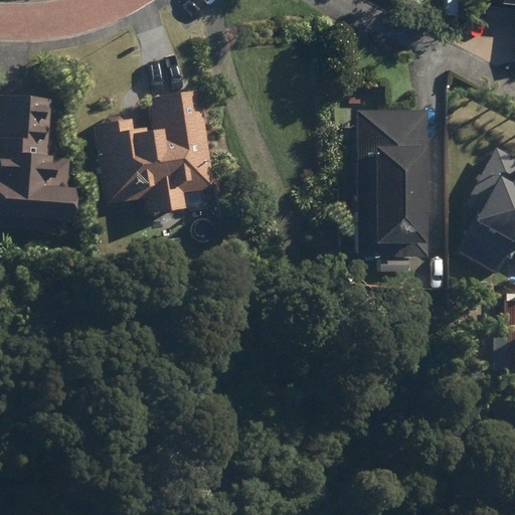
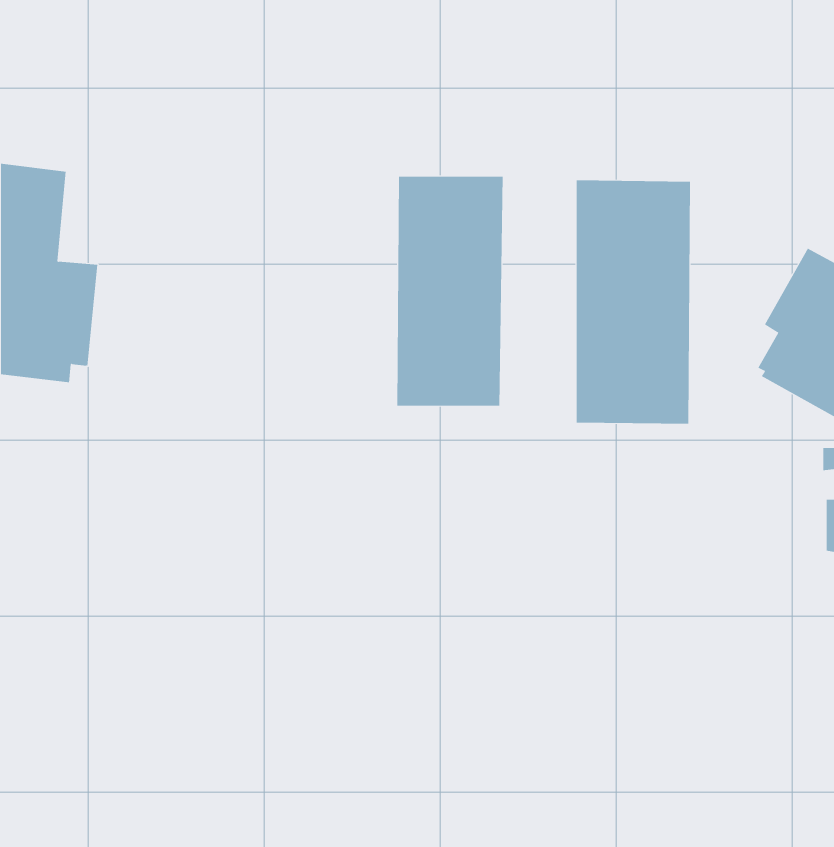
building: [98,94,212,212] -> none
building: none -> [397,176,503,406]

